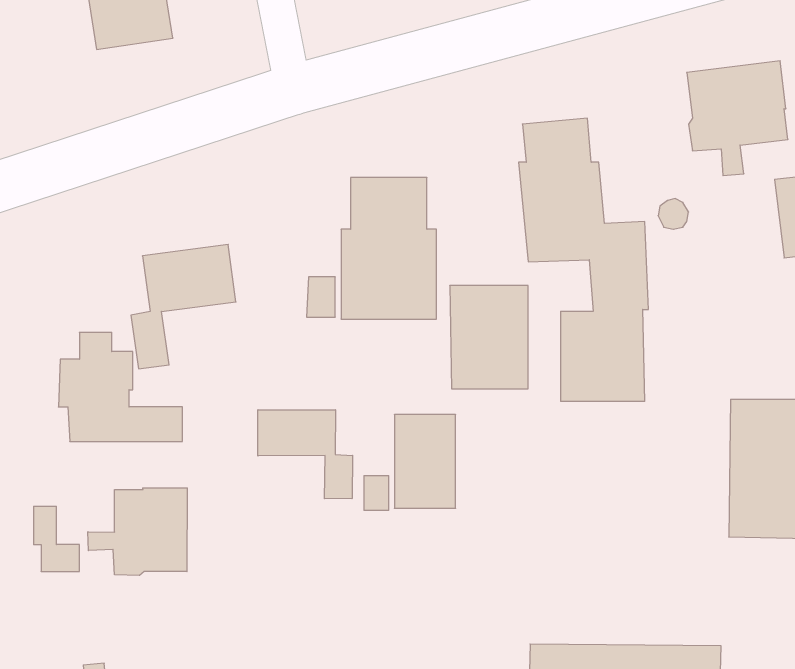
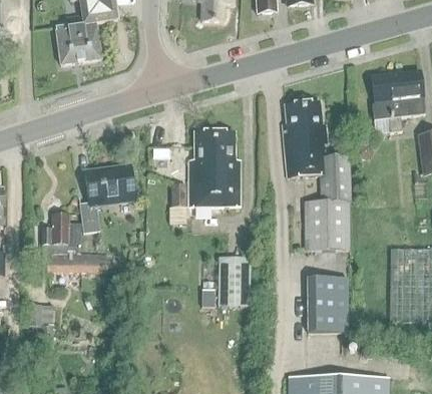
building: [450,286,528,389] -> [307,277,348,331]
building: [258,410,353,499] -> none
building: [88,488,187,575] -> none

